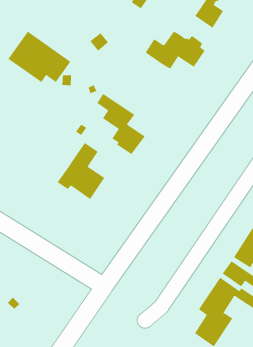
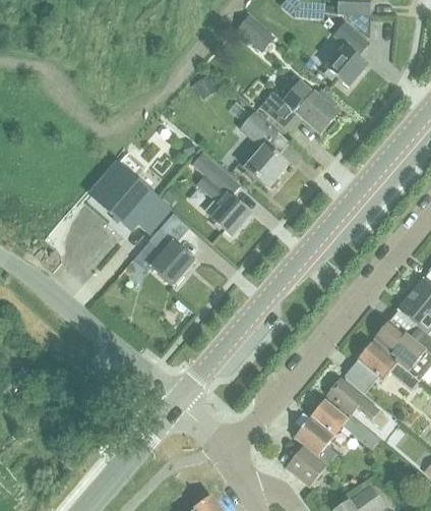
building: [8,31,71,83] -> [90,161,170,230]
building: none -> [241,112,288,187]

